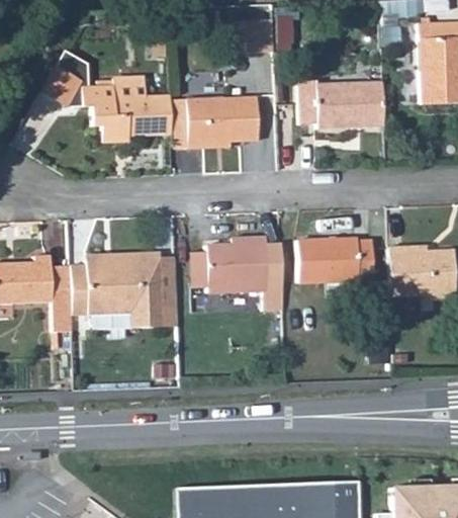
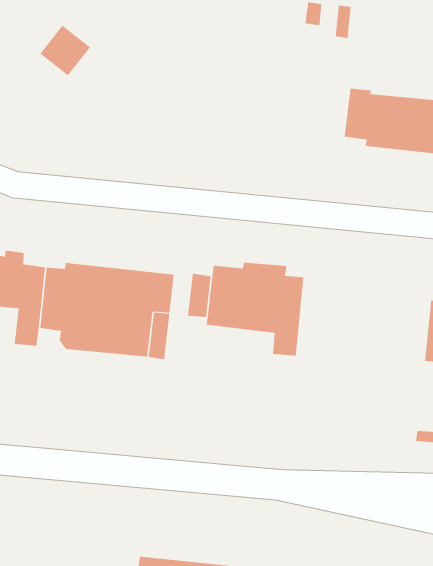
building: [81,76,171,143] -> none
building: [186,95,259,149] -> none
building: [297,236,374,282] -> none

